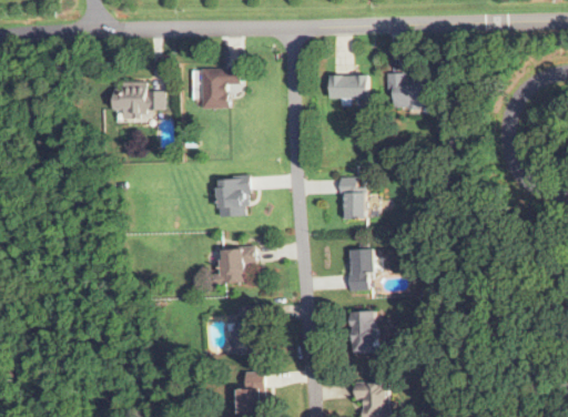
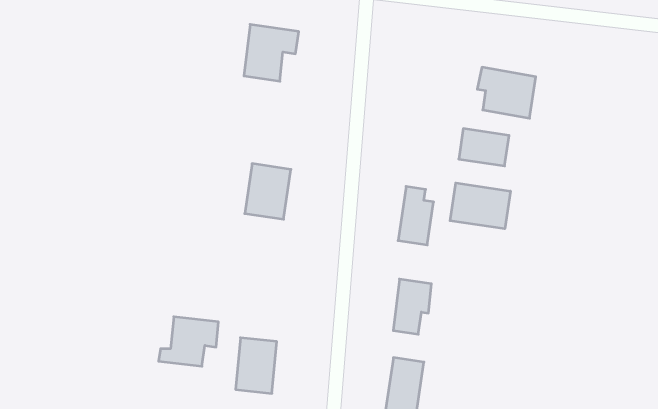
building: [329,74,366,99] -> [459,129,509,166]
building: [113,81,164,114] -> none
building: none -> [450,183,510,229]
building: [210,246,253,284] -> [159,317,218,366]

